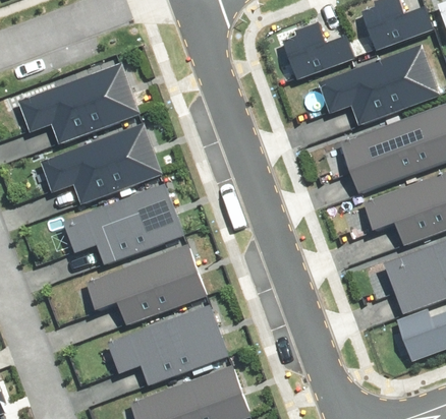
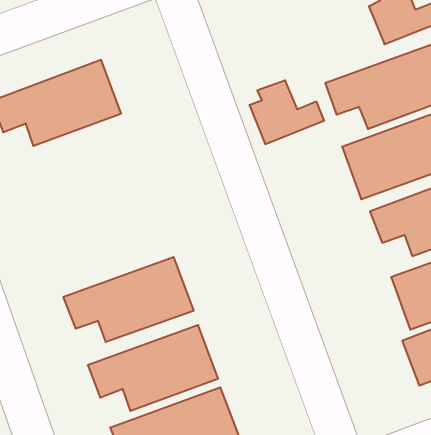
building: [284,20,352,78] -> [249,80,324,144]
building: [43,123,161,201] -> none
building: [63,185,182,263] -> none

